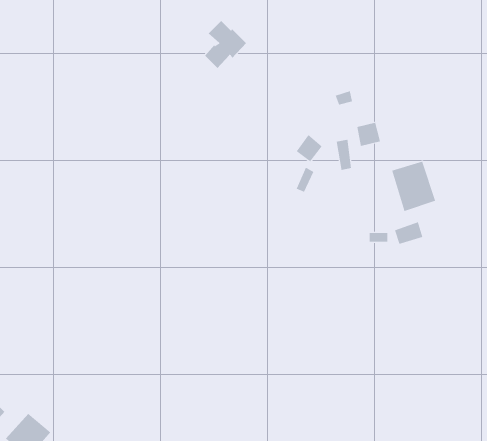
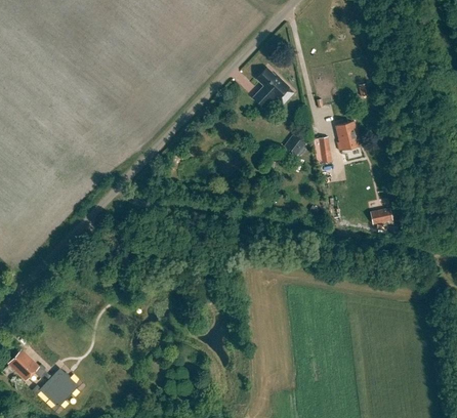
building: [204,20,247,69] -> [254,69,290,110]
building: [391,161,436,212] -> none

